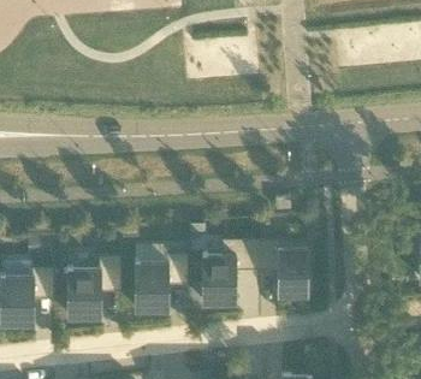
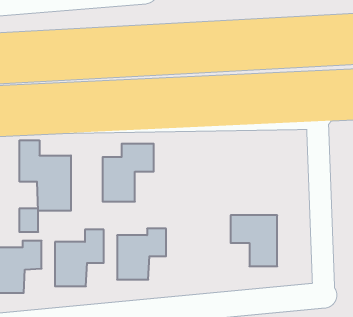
building: none -> [20,140,71,211]
building: [202,243,257,306] -> [103,144,154,202]

